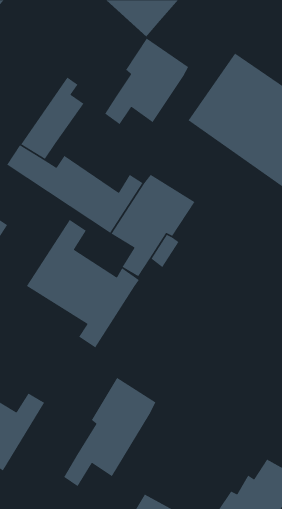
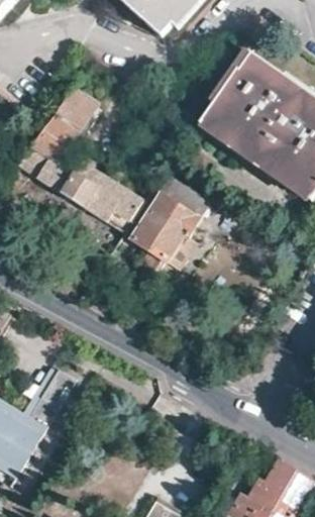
building: [104,37,189,125] -> none
building: [26,219,140,349] -> none
building: [63,377,157,487] -> none

